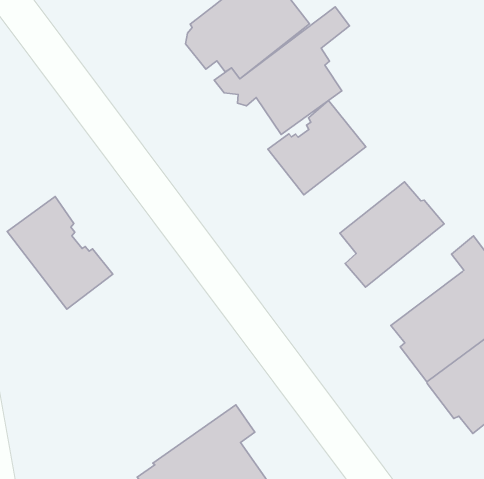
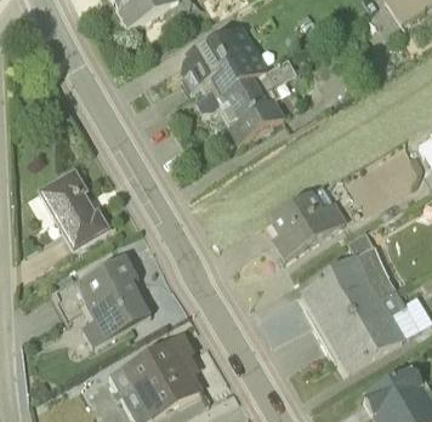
building: [268,101,366,195] -> none
building: none -> [52,255,149,344]

